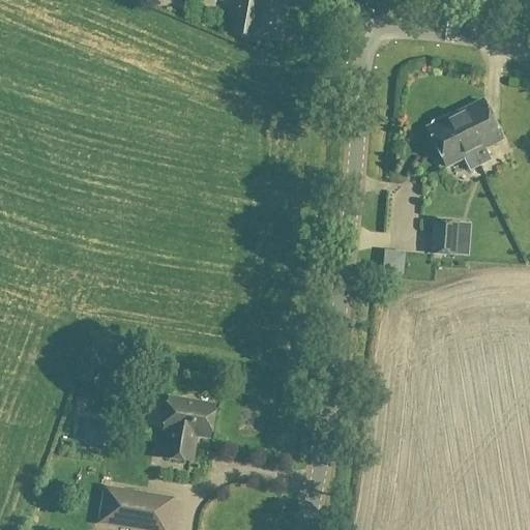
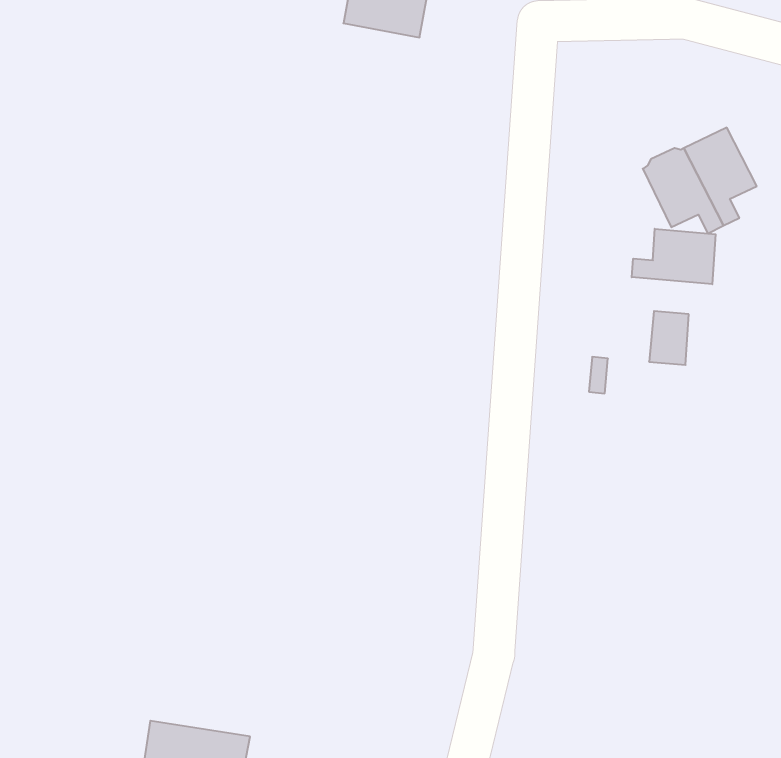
building: none -> [632,229,716,284]
building: [163,398,211,461] -> none

